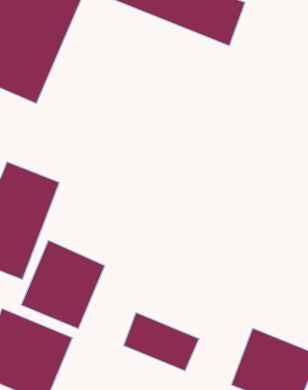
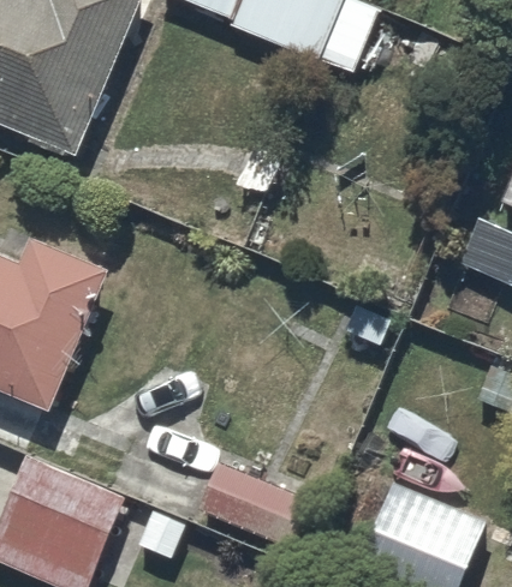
building: [21,240,105,329] -> none

